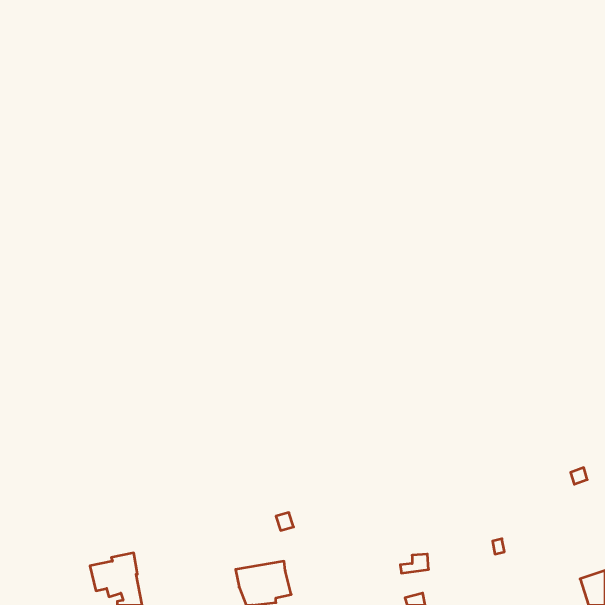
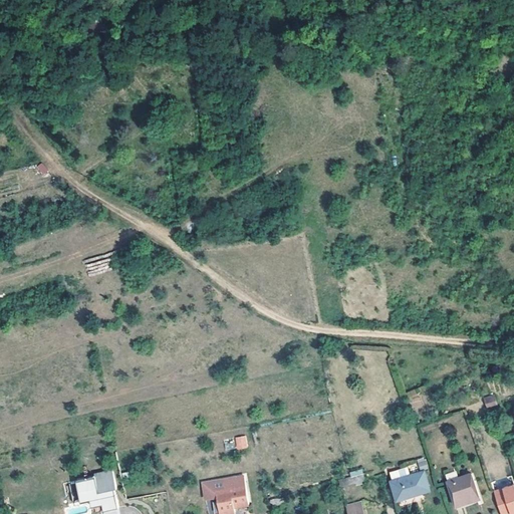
building: none -> [391,472,430,501]
building: none -> [448,474,480,506]

